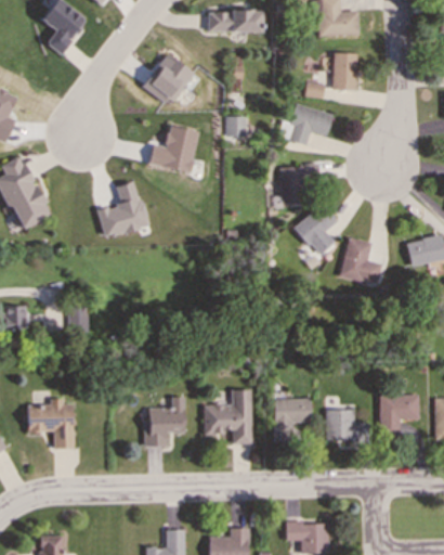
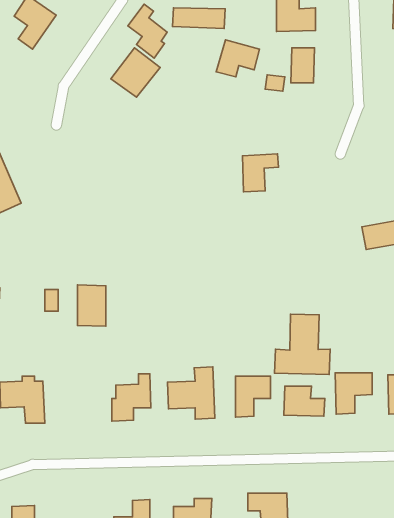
building: none -> [128,4,167,58]
building: [287,104,332,143] -> [216,40,259,77]
building: [226,116,247,137] -> none
building: [149,126,198,172] -> none
building: [97,181,147,237] -> none
building: [296,203,339,256] -> none
building: [340,236,383,285] -> none
building: none -> [78,285,106,326]
building: none -> [275,314,330,375]

